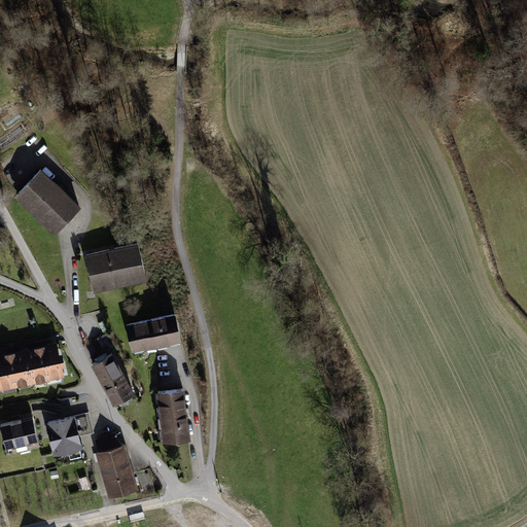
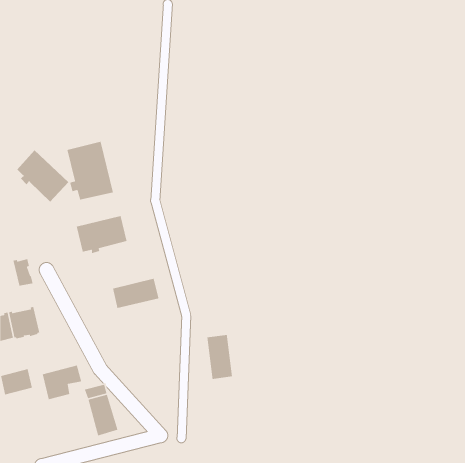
building: none -> [66,141,114,200]
building: [38,347,62,379] -> [12,258,33,286]
building: [92,356,133,406] -> none
building: [157,391,187,443] -> [206,334,233,380]

